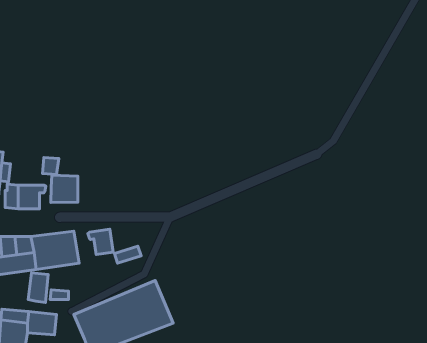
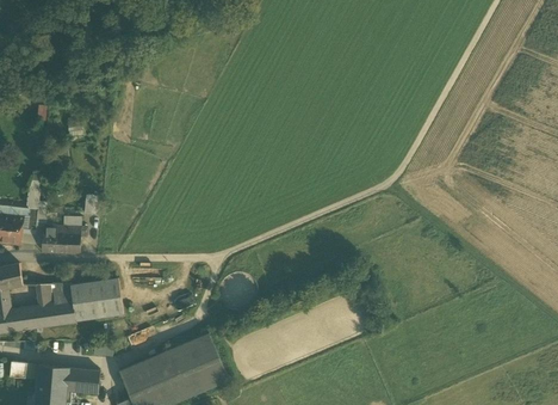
building: [51,175,78,203] -> none
building: [88,229,113,255] -> none
building: [28,273,48,303] -> none

